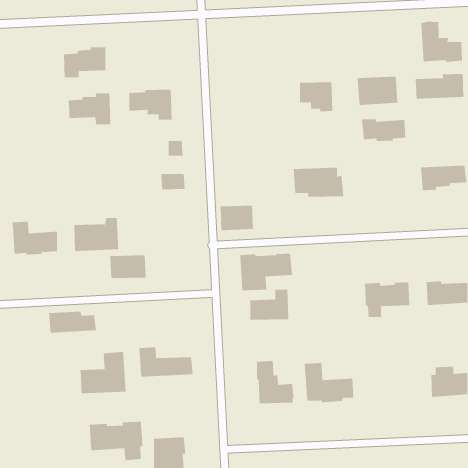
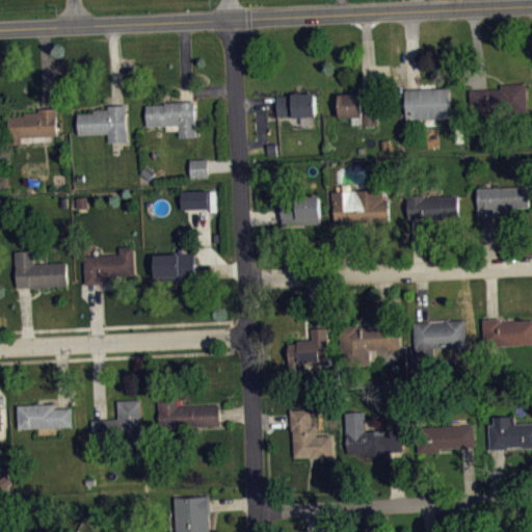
building: [421,21,462,63] -> none
building: [63,47,106,78] -> [7,109,56,144]
building: none -> [276,94,315,117]
building: [361,119,406,142] -> [406,195,457,221]
building: [220,205,254,231] -> [281,196,319,225]
building: [240,253,293,291] -> [339,324,399,367]
building: [110,255,146,279] -> [154,255,195,282]
building: [48,311,97,333] -> [17,404,72,429]
building: none -> [416,426,474,454]
building: [89,421,143,461] -> none

